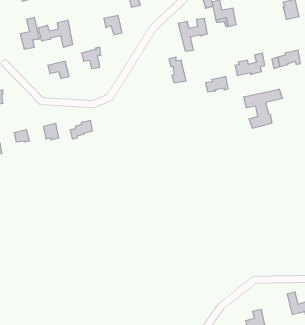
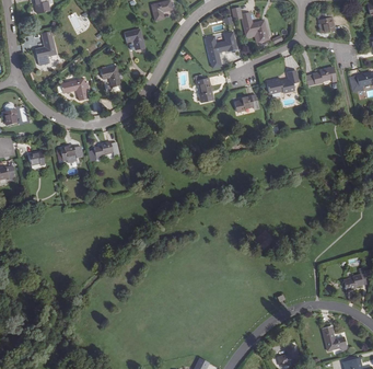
building: [38,20,72,47] -> none
building: [244,89,282,128] -> none

